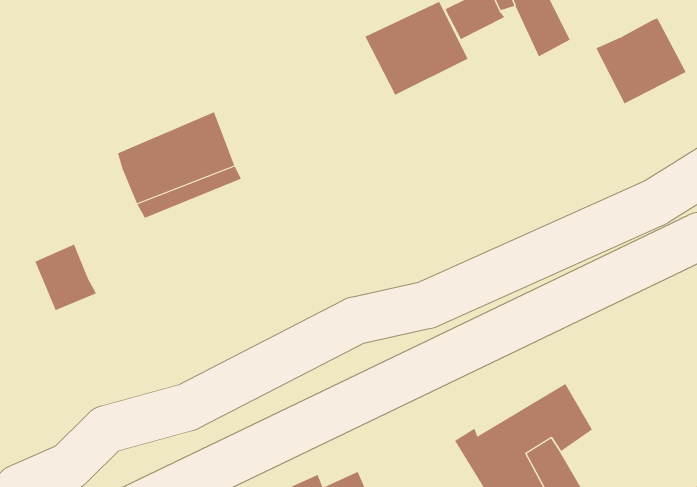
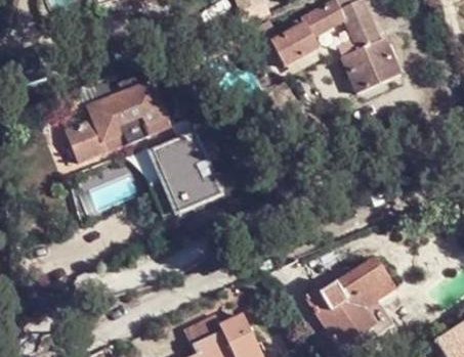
building: [595,18,686,104] -> [343,36,402,91]
building: none -> [141,130,216,214]
building: [34,244,97,311] -> [67,120,107,163]

